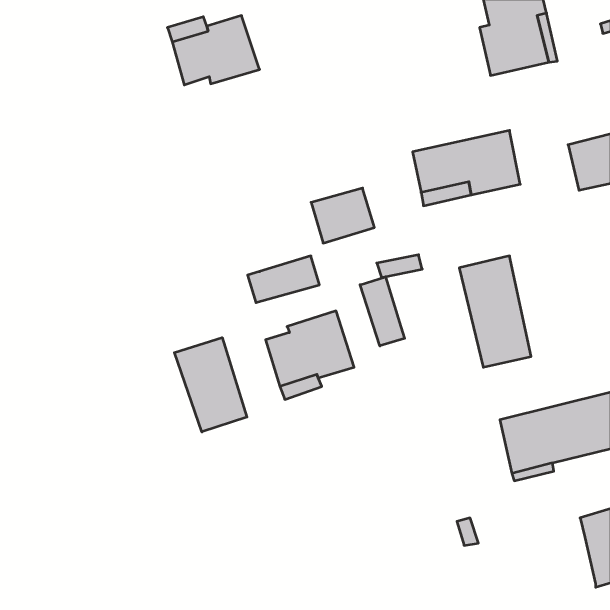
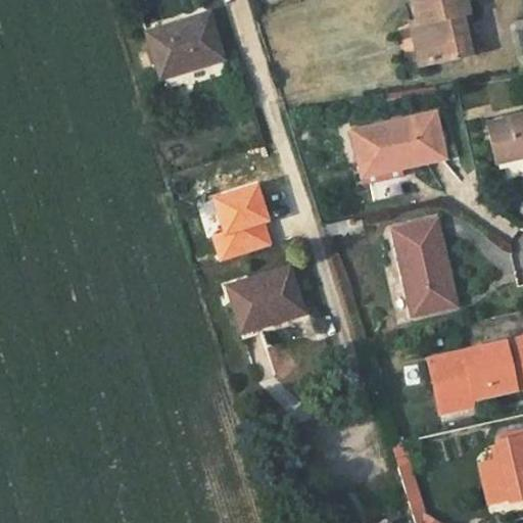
building: [311,188,374,243] -> [212,185,267,232]
building: [360,277,405,346] -> none
building: [174,338,247,432] -> none
building: none -> [479,459,510,504]

